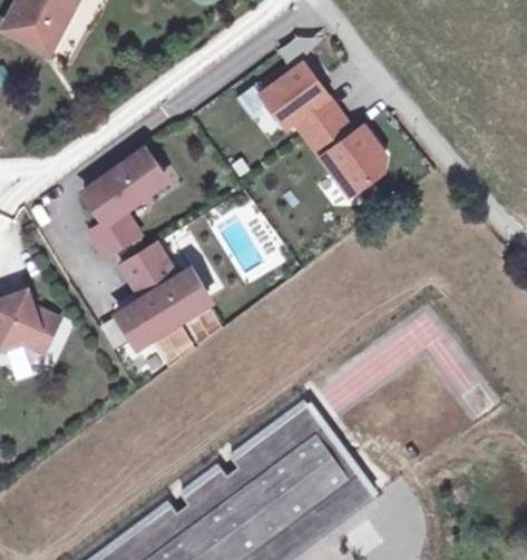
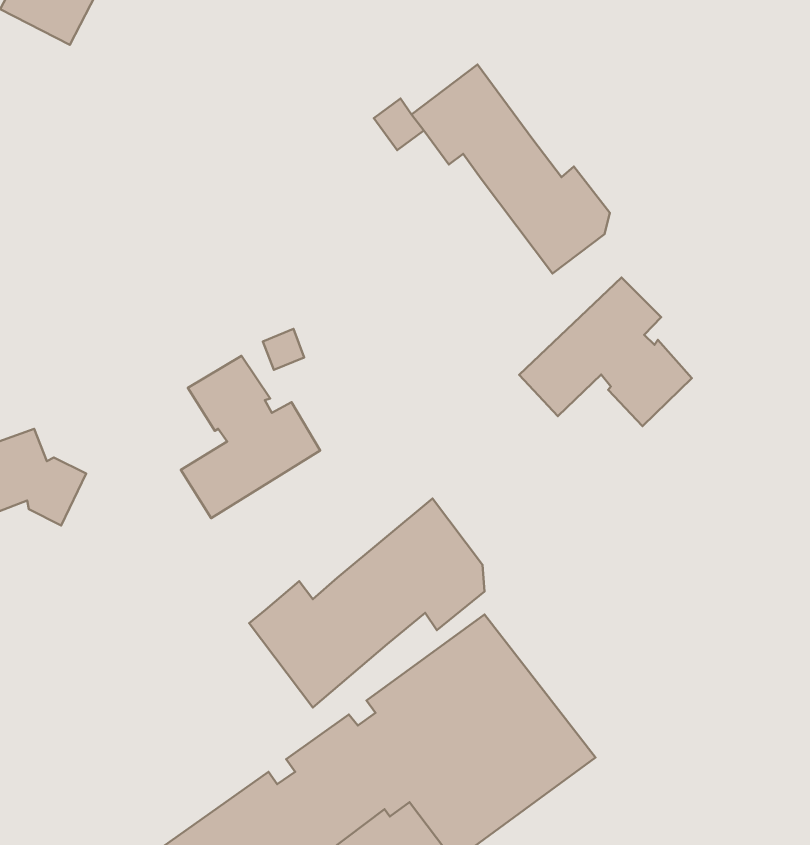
building: [85,153,162,257] -> none
building: none -> [519,278,692,426]
building: none -> [249,499,484,707]

